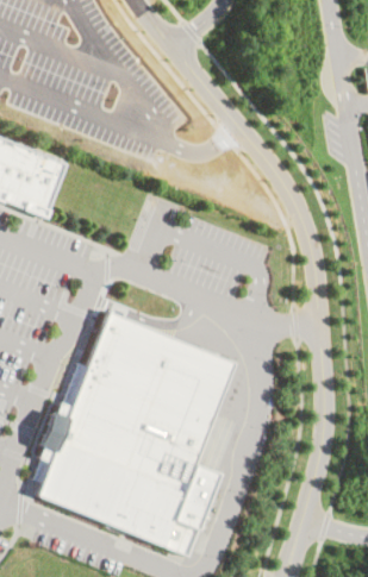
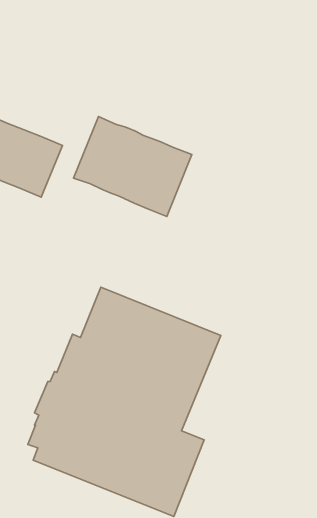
building: none -> [73,117,192,216]

